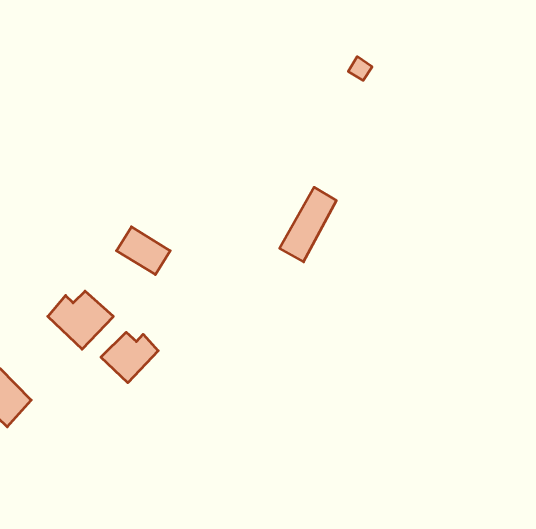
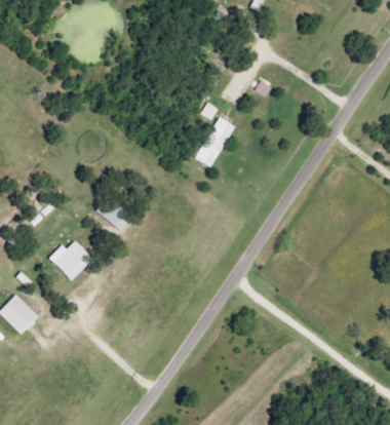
building: [280,187,336,262] -> [195,116,234,167]
building: [101,332,158,383] -> none

